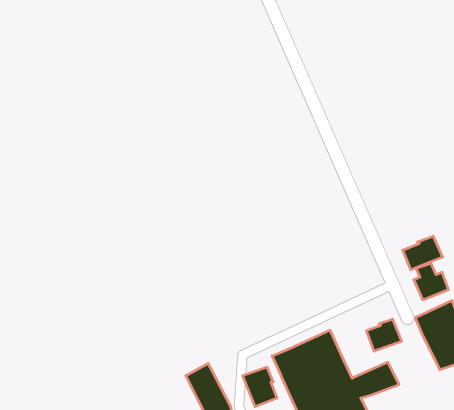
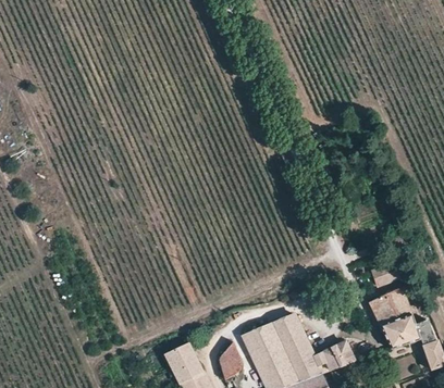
building: [403,236,443,270] -> none
building: [367,319,401,351] -> none

